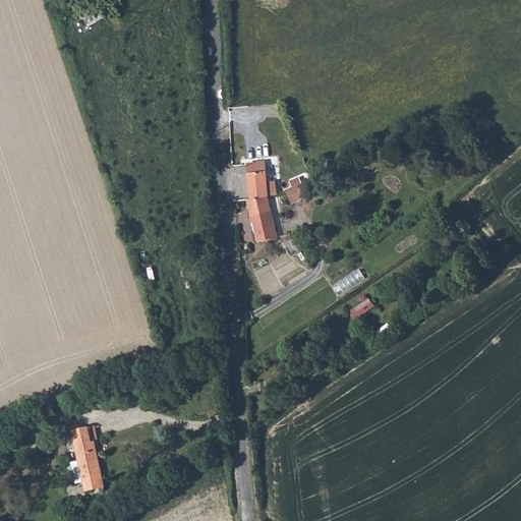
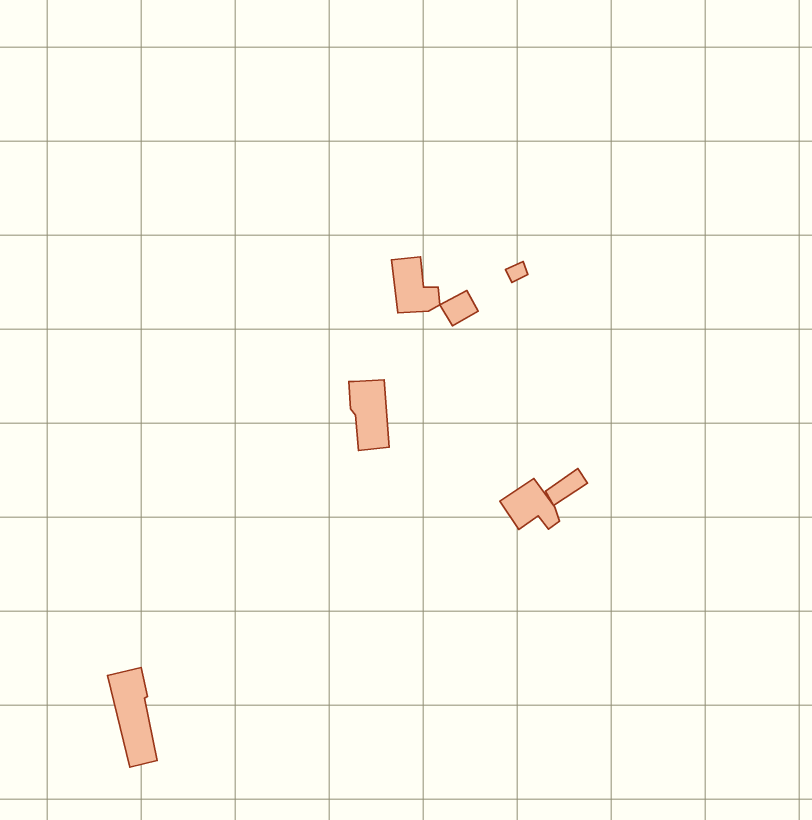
building: [249,197,275,242] -> [349,380,389,450]
building: none -> [500,479,560,529]

